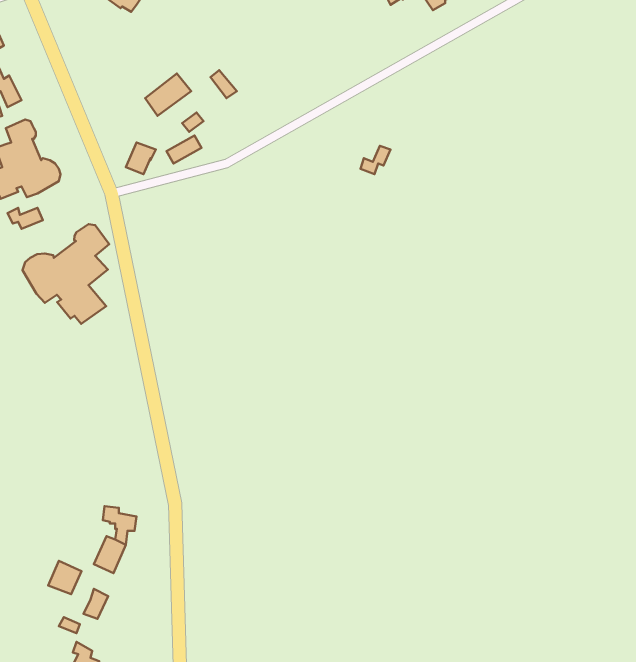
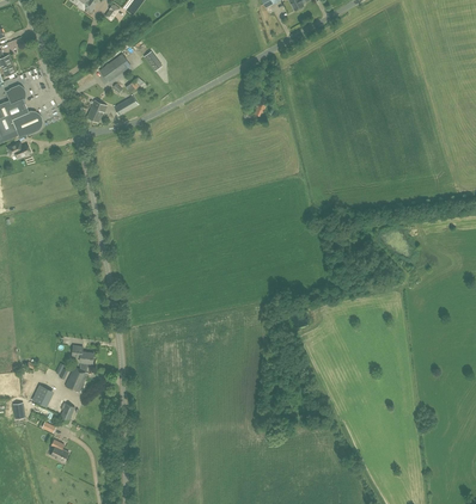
building: [23,224,109,324] -> none

